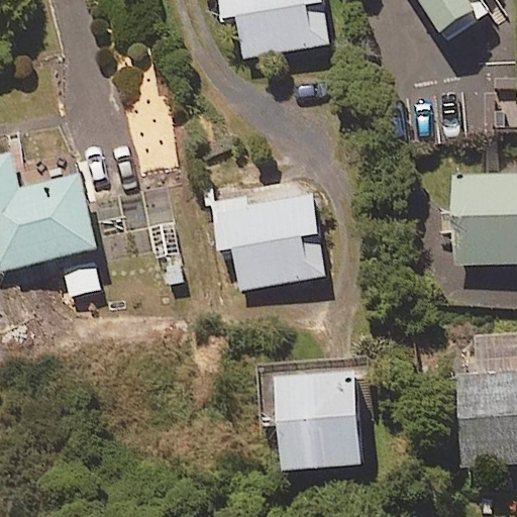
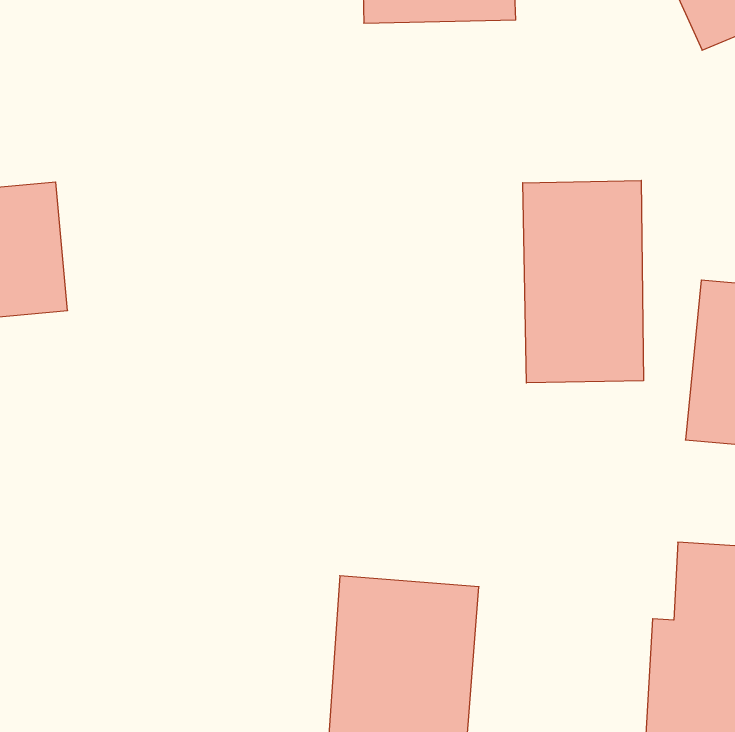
building: none -> [523,180,643,383]
building: [210,186,325,291] -> none

